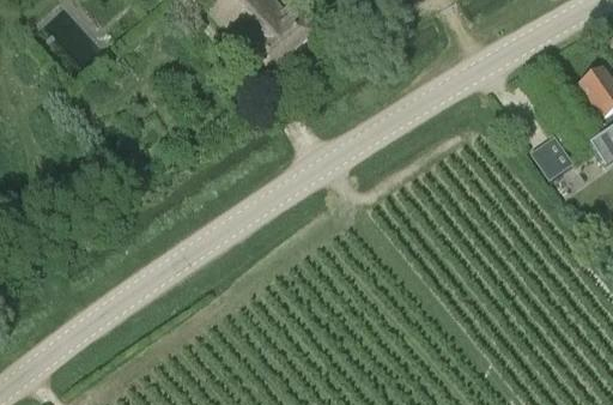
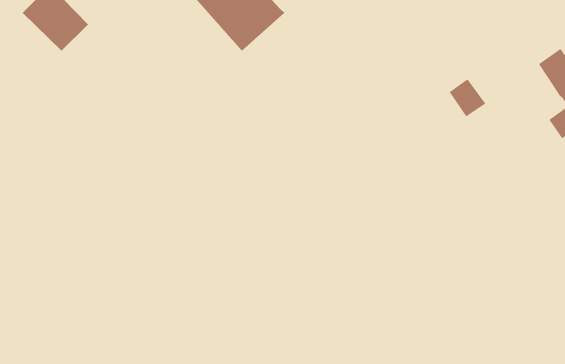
building: [533,135,572,176] -> [449,78,486,117]

